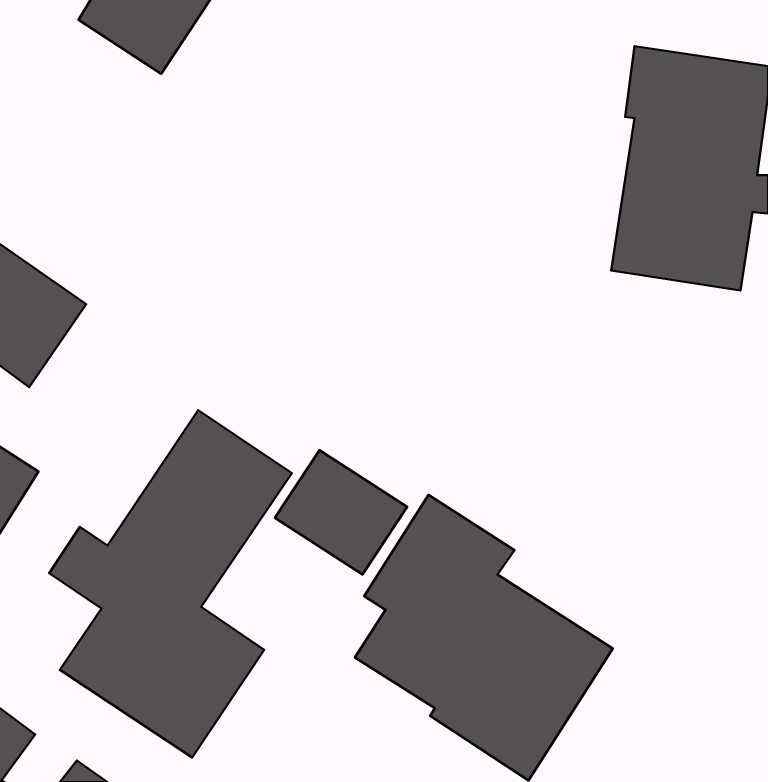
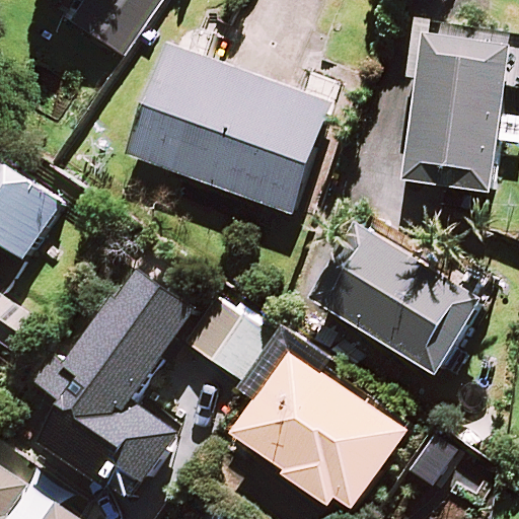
building: none -> [124,44,327,213]
building: none -> [311,223,480,372]

